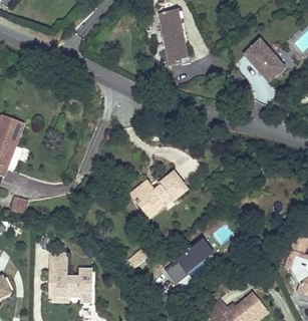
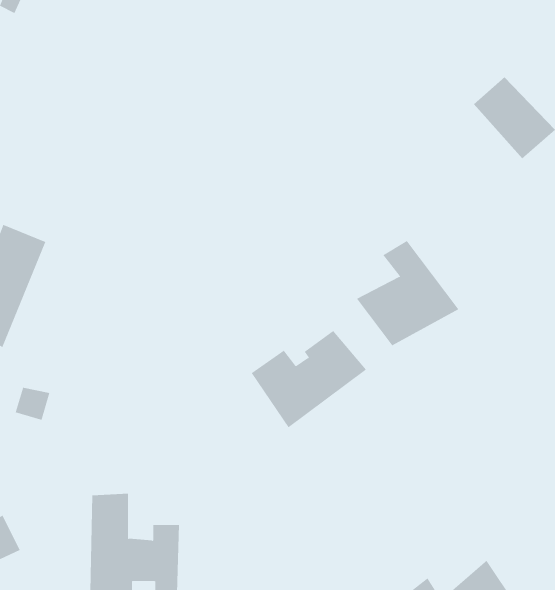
building: [160,11,190,64] -> none
building: none -> [356,240,459,346]
building: [162,241,212,289] -> none

